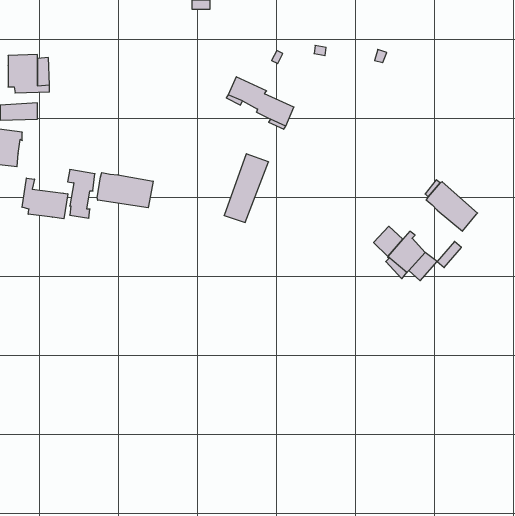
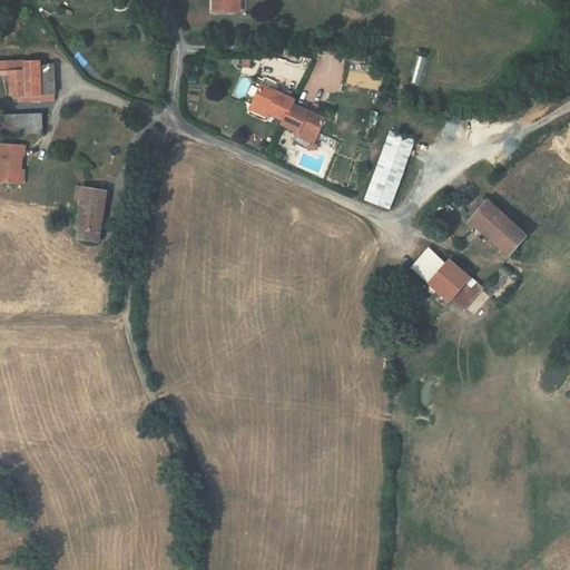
building: [224,154,269,222] -> [365,131,414,207]
building: [97,173,153,208] -> none
building: [22,178,68,219] -> none

